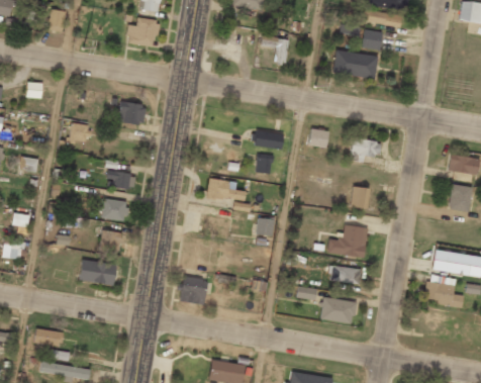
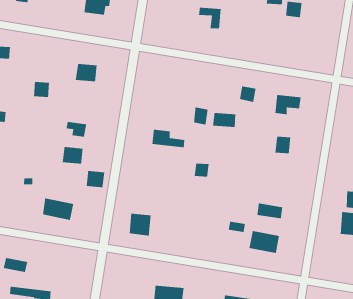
building: [331,50,378,79] -> none
building: [254,131,282,150] -> [212,112,236,128]
building: [326,225,367,258] -> none
building: [99,230,121,252] -> [86,170,105,188]

